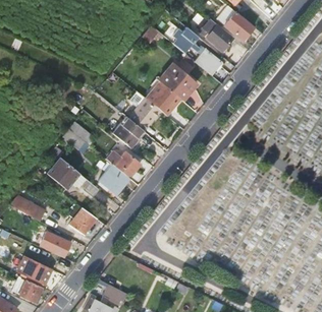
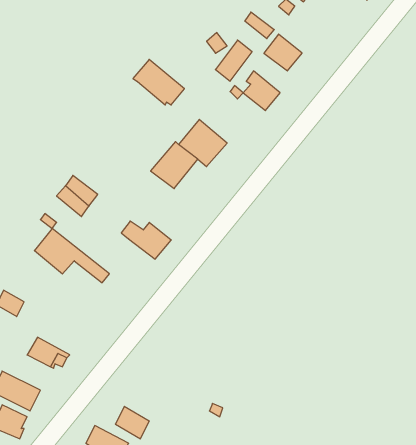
building: [224,11,254,40] -> none
building: [159,68,195,100] -> [133,59,184,105]
building: [113,117,145,148] -> none
building: [99,166,131,197] -> none
building: [68,207,98,235] -> none

